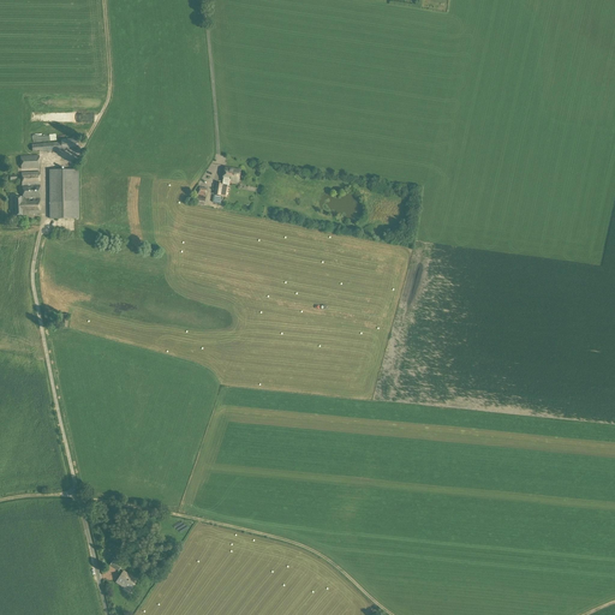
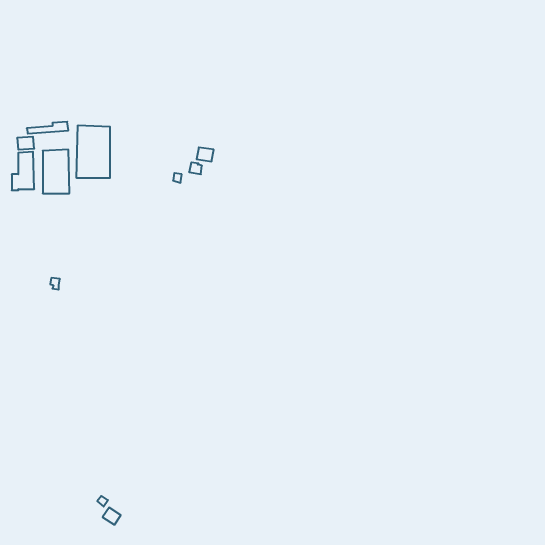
building: none -> [77,125,110,178]

